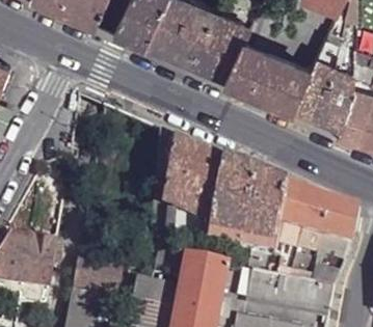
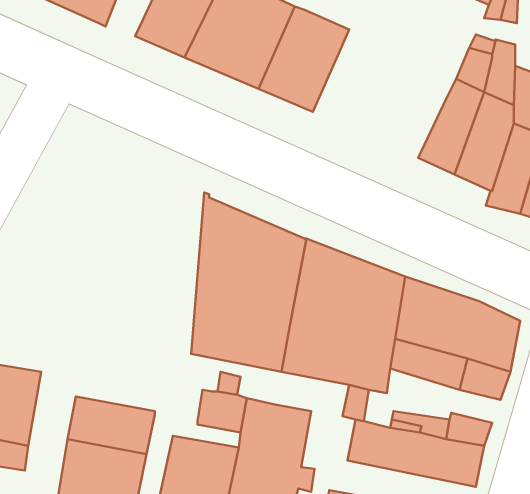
building: [227,45,311,111] -> none

